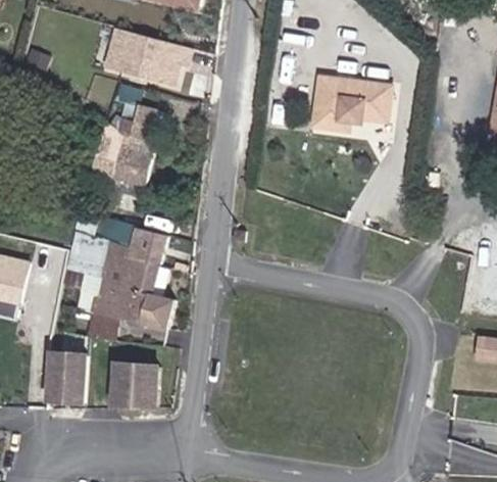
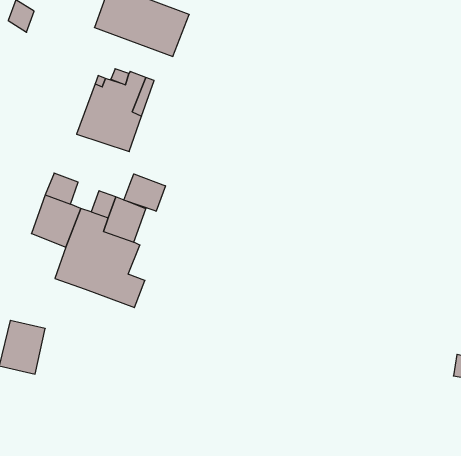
building: [312,78,390,130] -> none
building: none -> [124,174,165,211]
building: [84,308,119,341] -> none
building: [110,364,156,409] -> none

